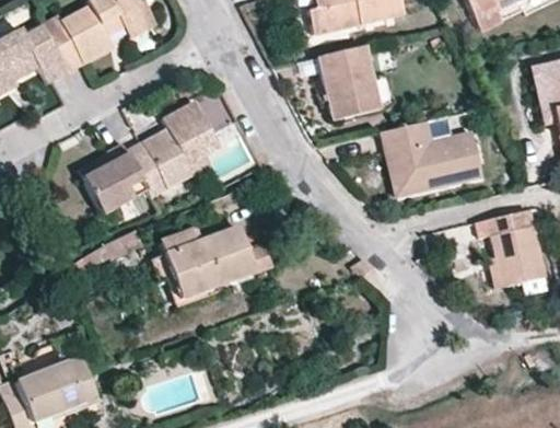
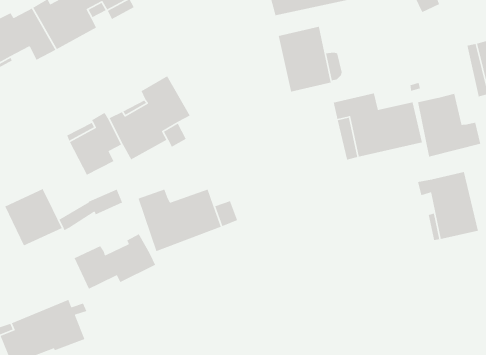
building: none -> [417,93,481,157]
building: none -> [4,188,63,247]
building: none -> [73,233,156,290]

